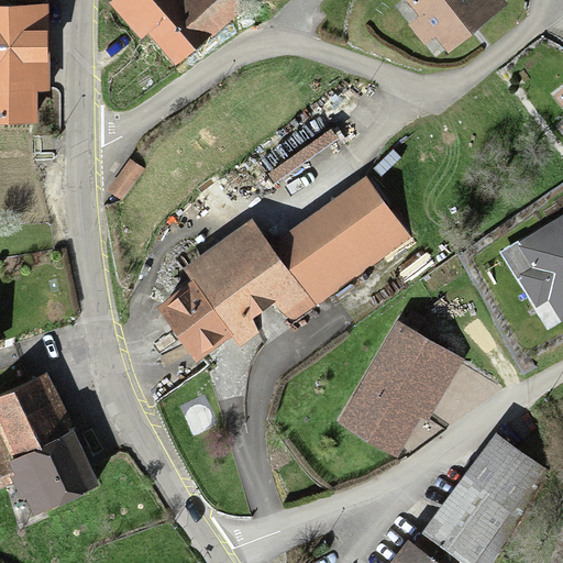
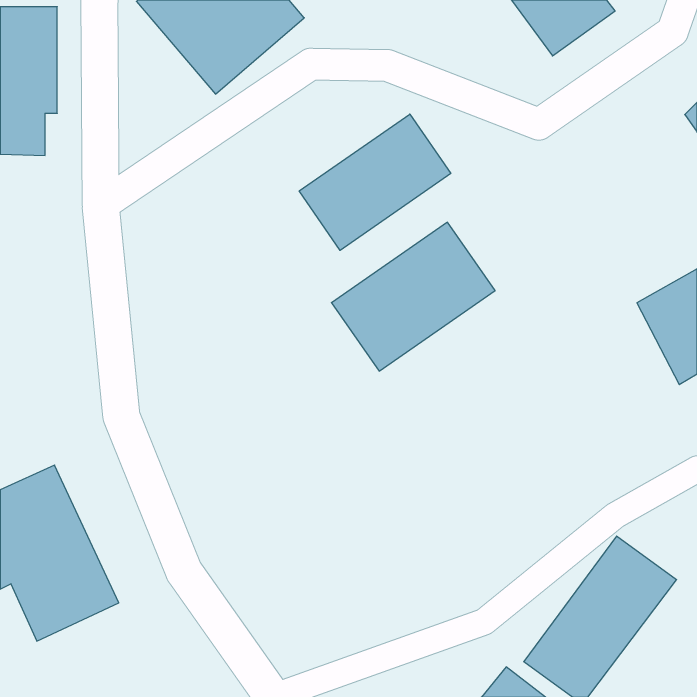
building: none -> [299,114,451,250]
building: [157,219,306,360] -> none
building: [339,291,492,457] -> none

